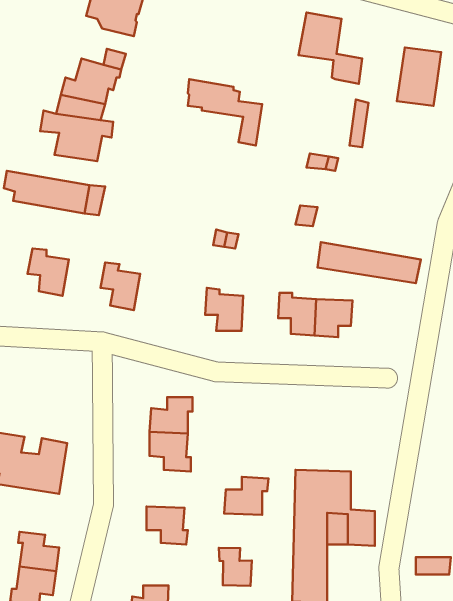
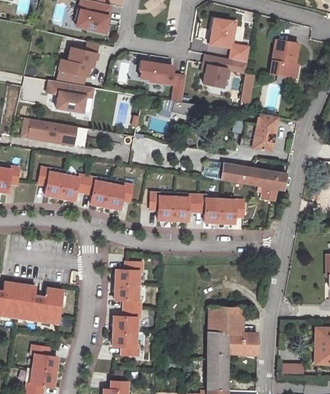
building: none -> [204,55,232,87]
building: none -> [241,114,277,151]
building: none -> [60,174,87,199]
building: none -> [105,183,133,208]
building: none -> [173,194,197,220]
building: [224,477,269,515] -> [113,307,141,331]
building: [219,548,252,586] -> none

